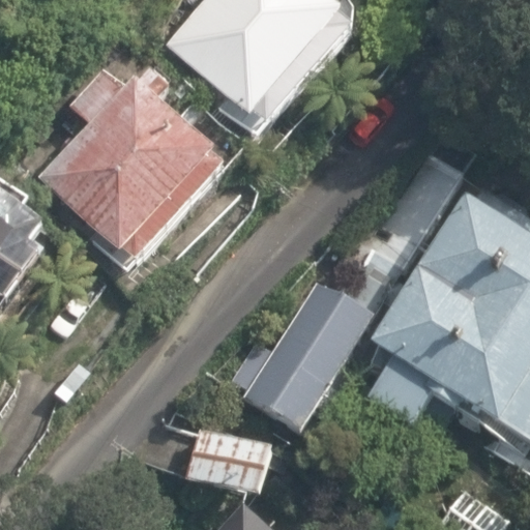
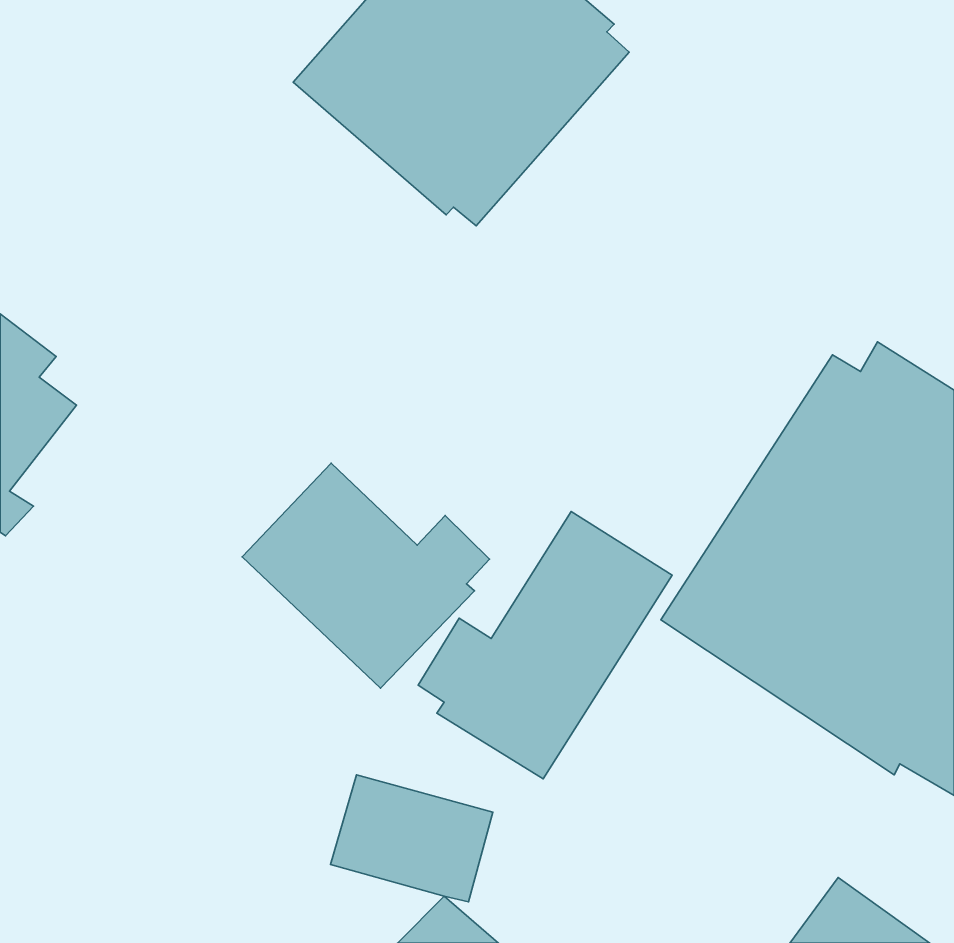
building: [39,66,222,260] -> none
building: none -> [242,463,490,688]

